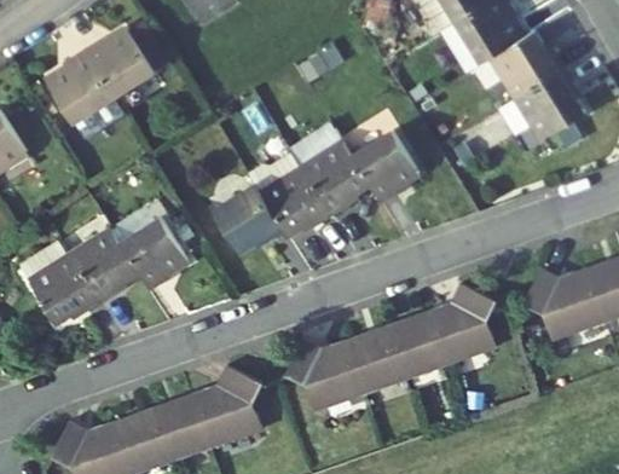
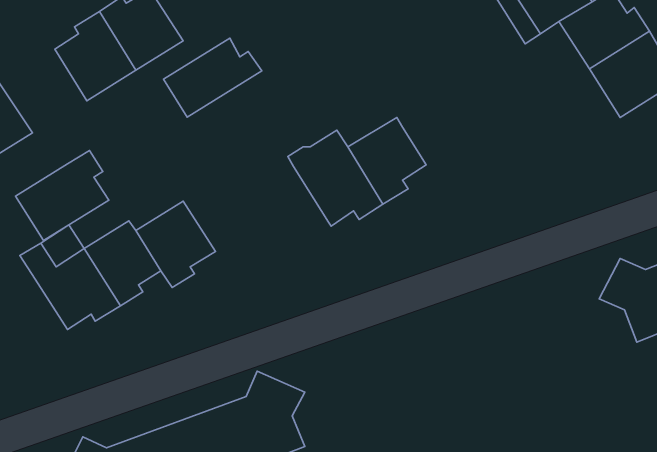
building: none -> [163,38,262,117]
building: [349,126,415,198] -> none
building: none -> [16,150,109,240]
building: [213,184,285,252] -> none
building: [283,283,490,409] -> none

